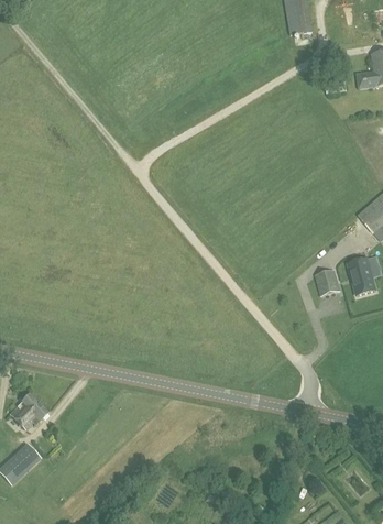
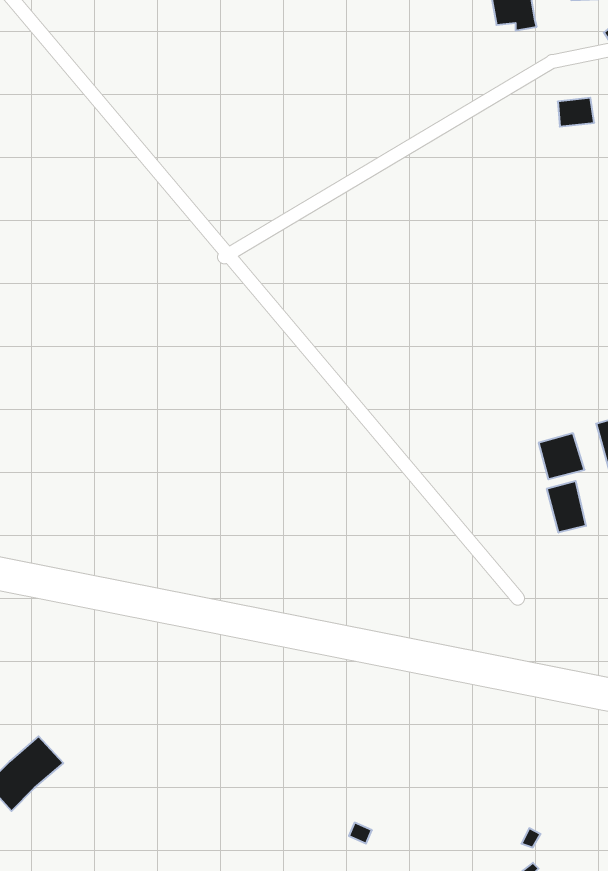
building: none -> [547,481,586,533]
building: [10,392,48,428] -> none

